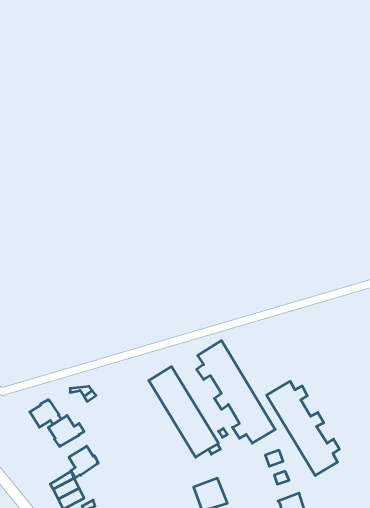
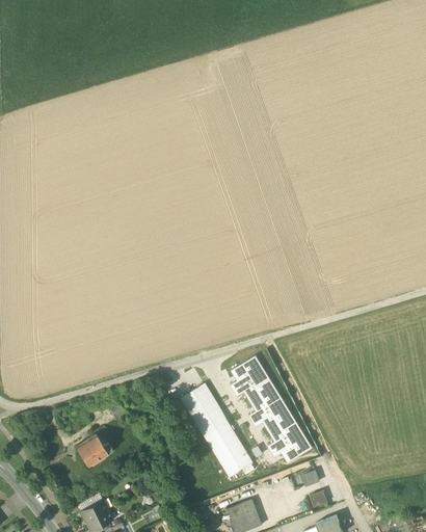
building: [267,381,339,476] -> none
building: [30,400,61,427] -> none
building: [69,446,98,478] -> none

